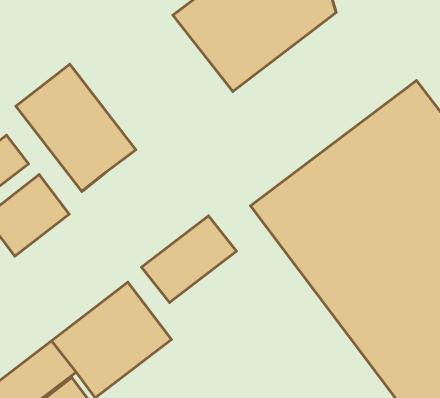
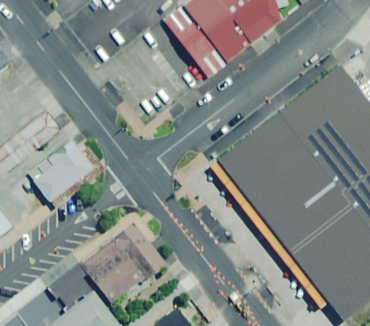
building: [16,64,136,192] -> none
building: [142,216,236,303] -> none

